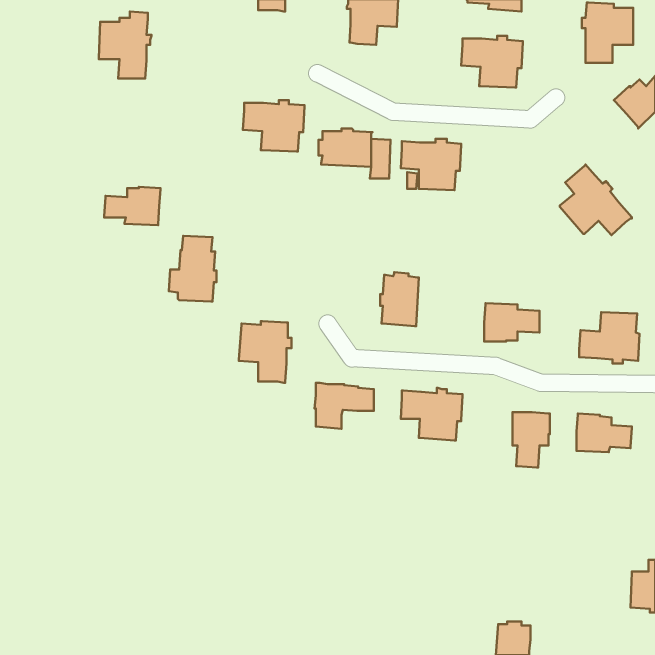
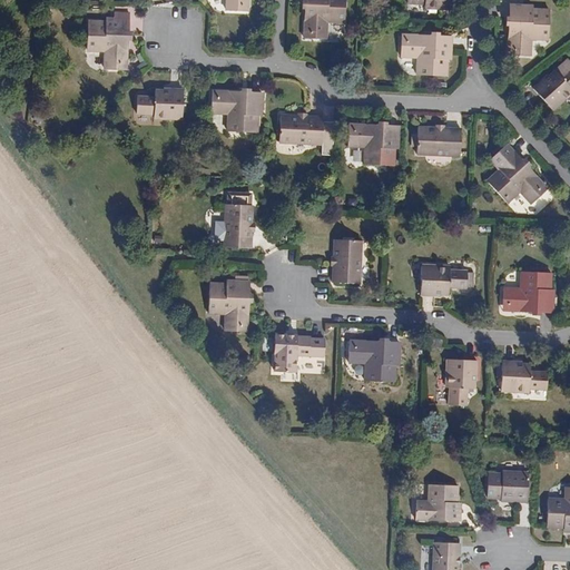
building: none -> [416,122,460,156]
building: [104,187,161,225] -> [135,87,184,120]
building: [169,236,216,301] -> [214,191,255,248]
building: none -> [487,469,529,502]
building: none -> [415,484,461,522]

